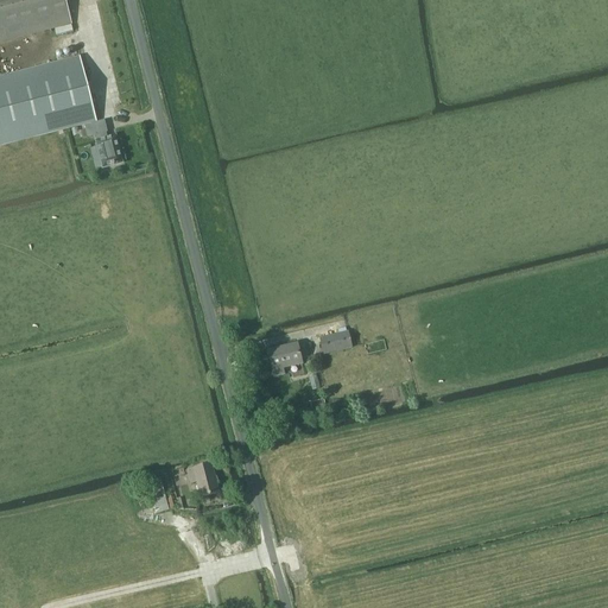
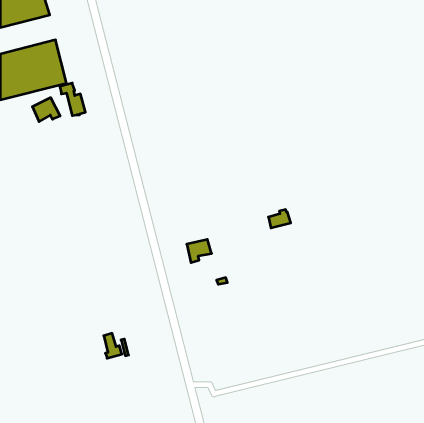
building: none -> [32,98,60,122]
building: [321,325,353,352] -> [268,210,291,228]
building: [188,462,220,495] -> none

